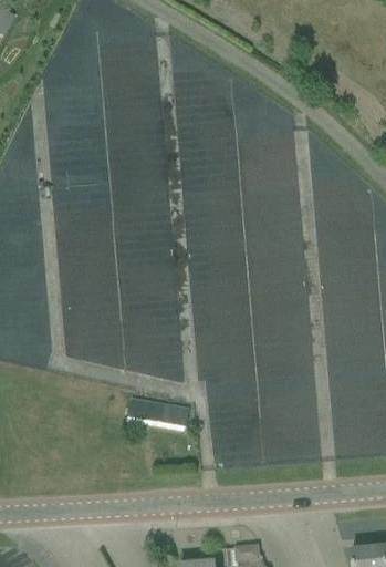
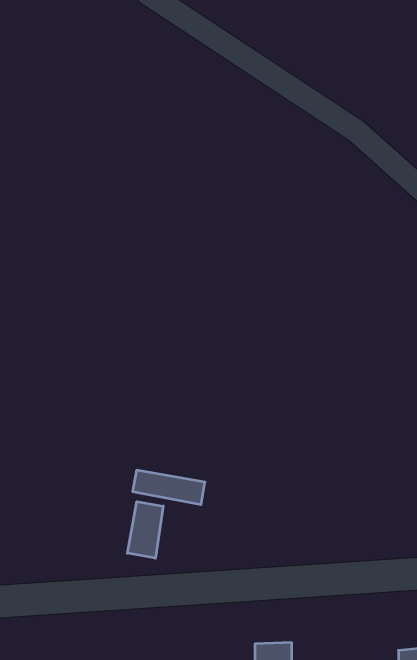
building: none -> [127,502,163,558]

